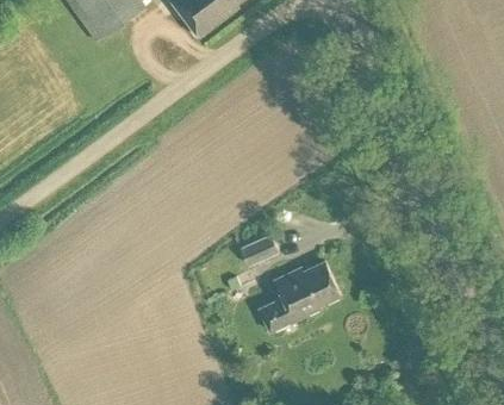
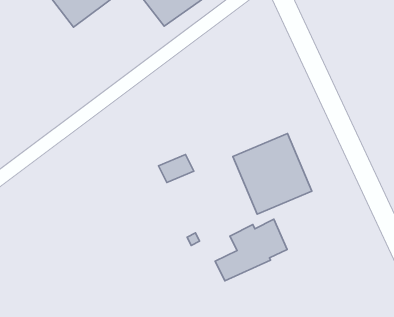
building: none -> [233,134,312,214]
building: [239,235,280,267] -> [158,154,194,183]

